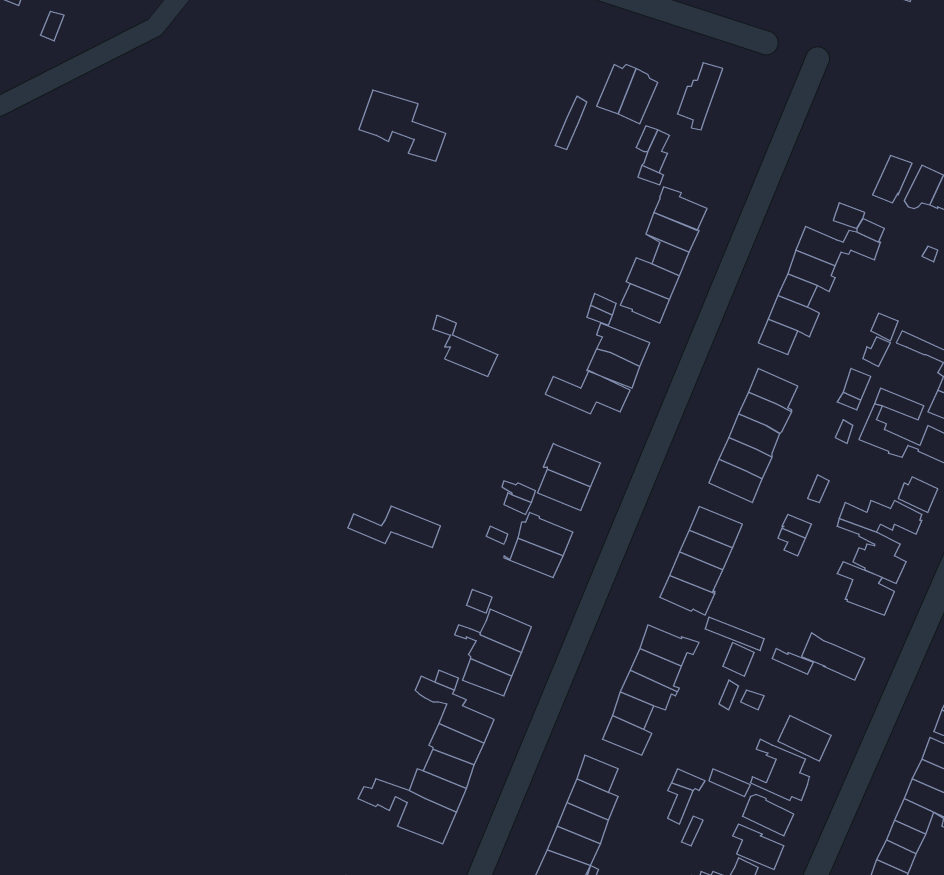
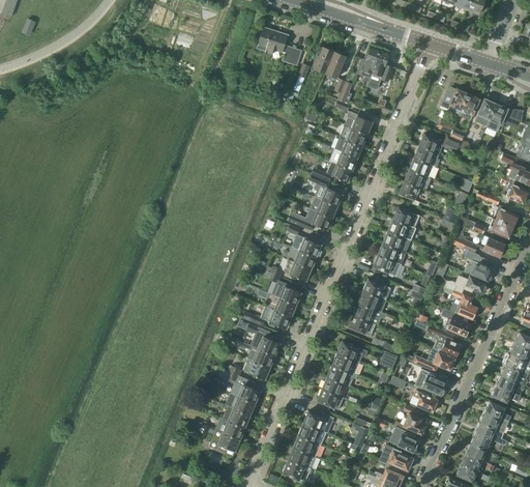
building: none -> [369,50,389,90]
building: [359,90,446,161] -> [256,28,301,65]
building: none -> [442,88,468,116]
building: [433,315,498,376] -> [287,225,321,257]
building: [348,506,440,548] -> [242,307,291,328]
building: none -> [422,323,461,359]
building: none -> [413,369,445,395]

